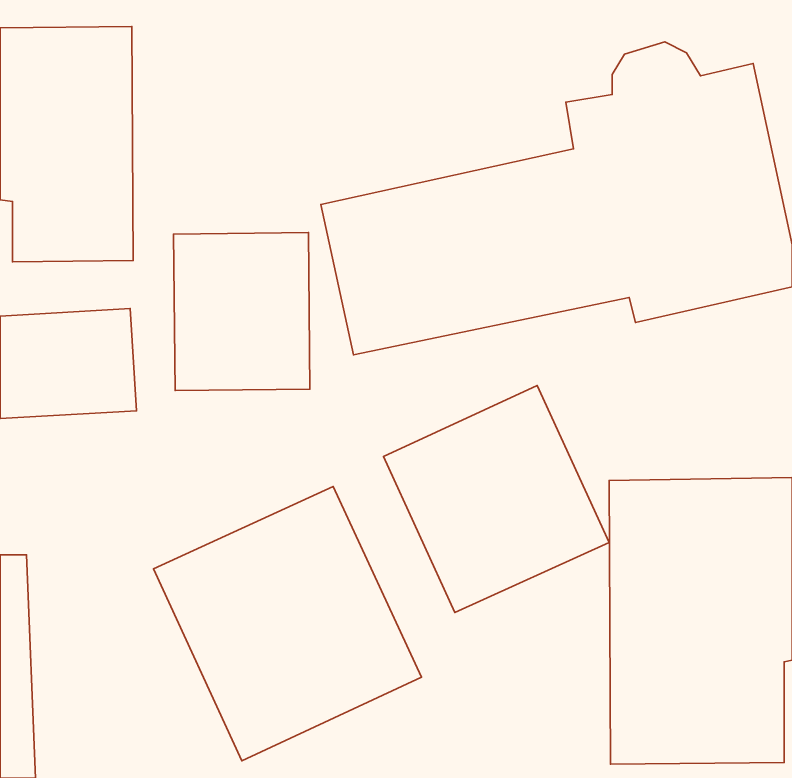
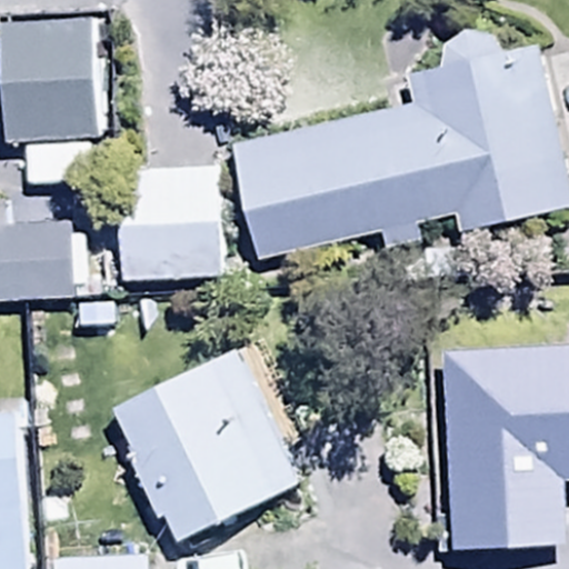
building: [384,385,609,613] -> none

